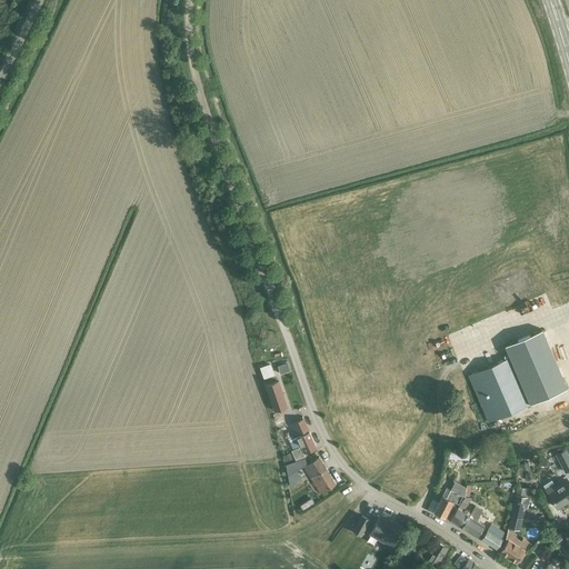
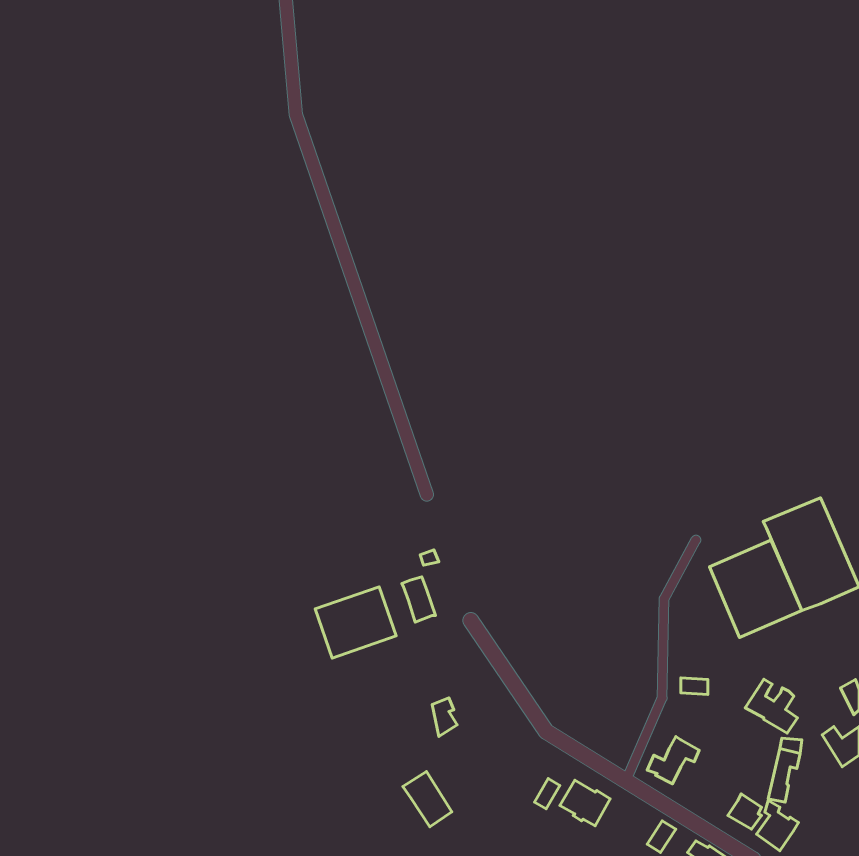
building: none -> [315,587,396,658]
building: [290,421,317,461] -> none
building: [303,459,336,496] -> [403,771,452,827]
building: [450,502,485,538] -> [745,679,797,733]

